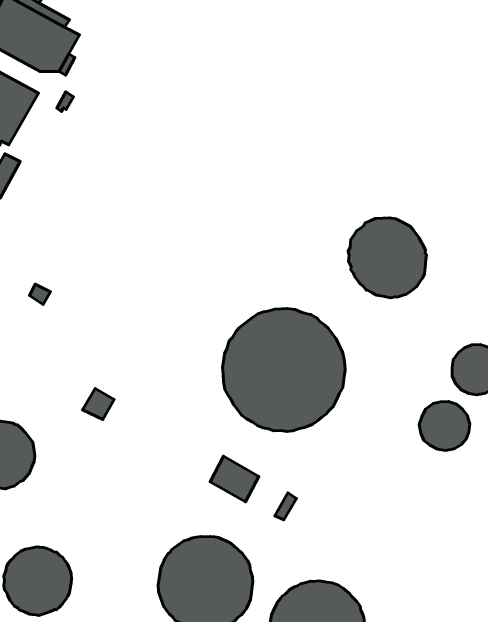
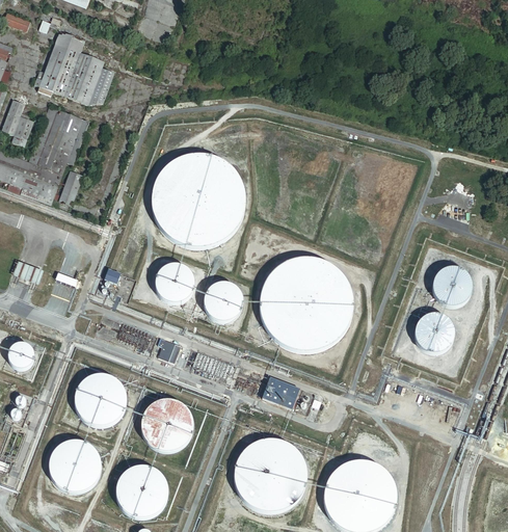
building: none -> [151,154,244,247]
building: [348,218,426,298] -> none
building: none -> [154,264,193,302]
building: none -> [203,282,242,321]
building: none -> [140,399,192,451]

